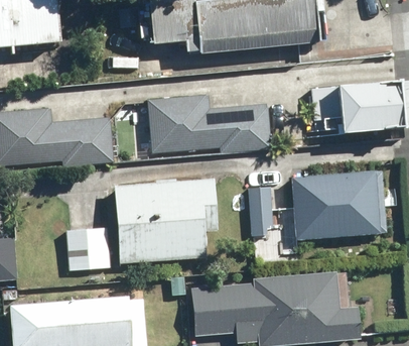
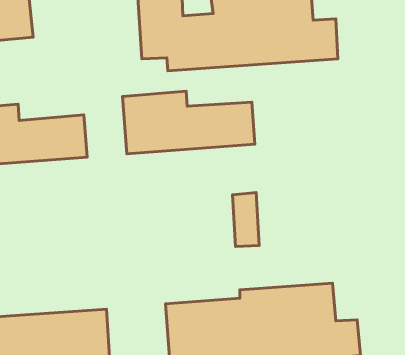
building: [308,85,396,136] -> none
building: [290,172,386,239] -> none
building: [113,180,217,265] -> none
building: [64,227,109,272] -> none

